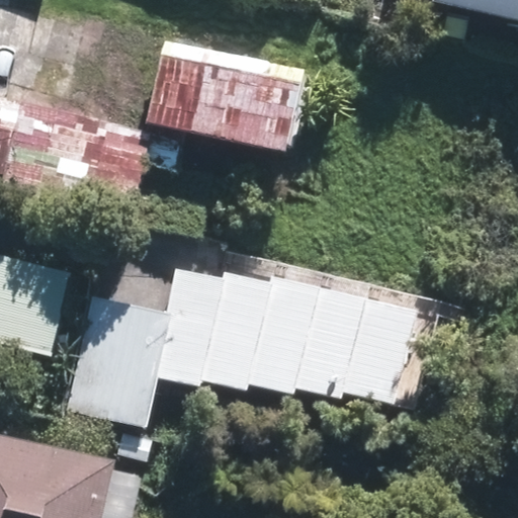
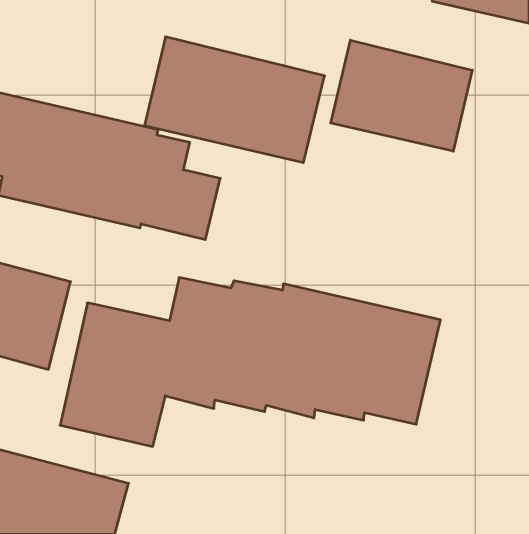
building: none -> [331,40,472,151]

